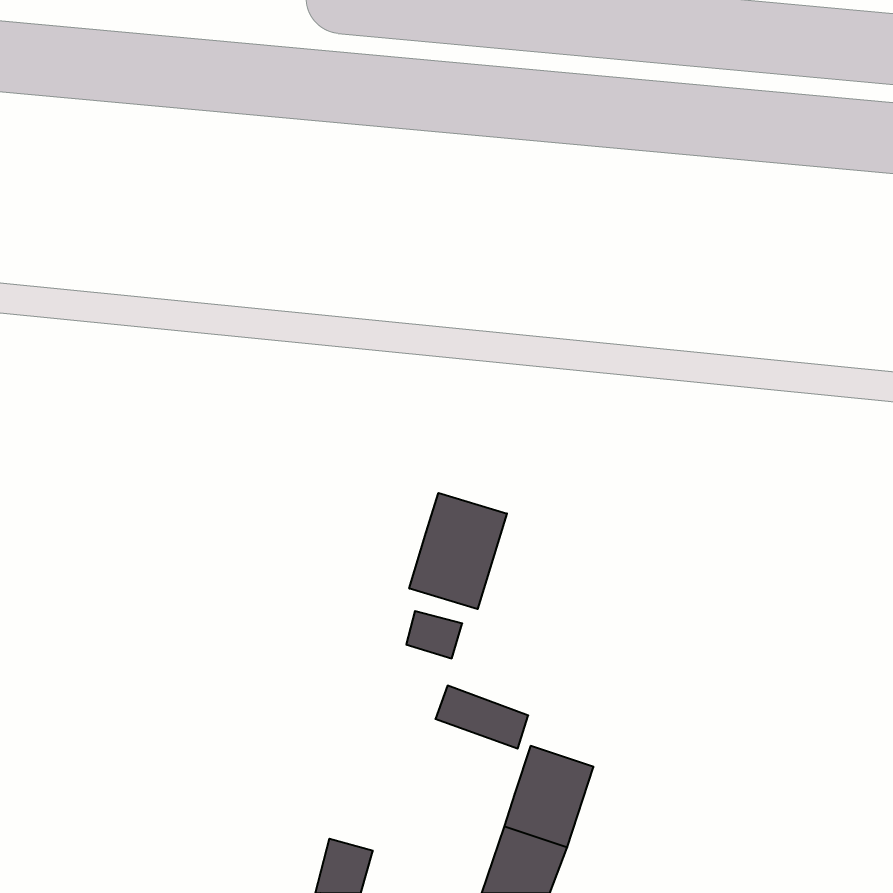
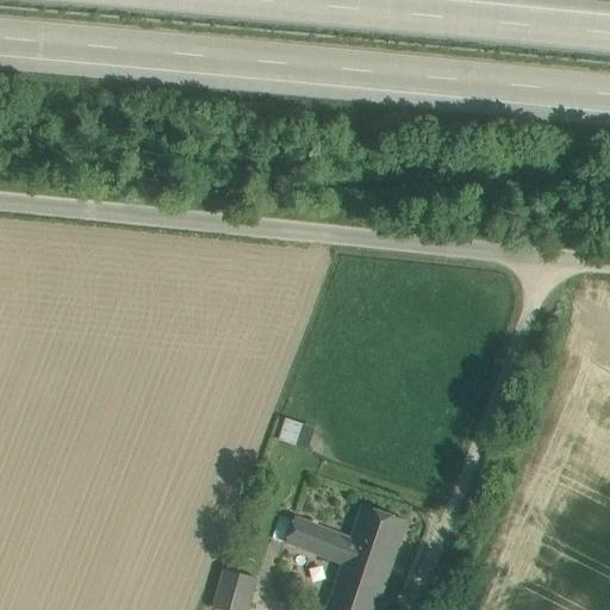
building: [409,493,507,609] -> none
building: [435,686,528,749] -> [287,519,350,562]

